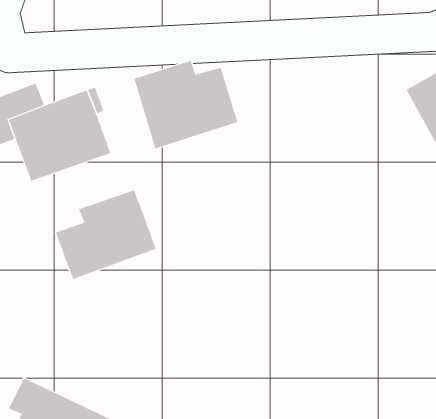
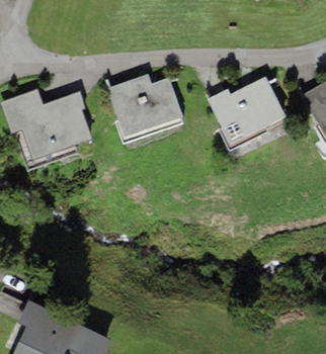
building: none -> [207,77,286,145]
building: [55,189,156,280] -> none

